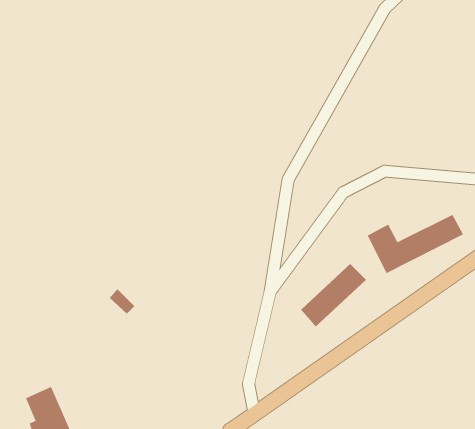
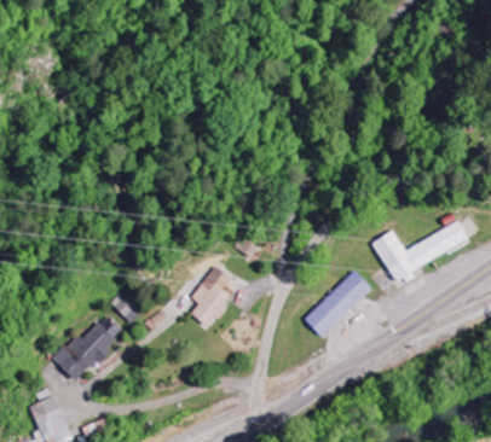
building: none -> [190,264,242,325]
building: none -> [51,316,121,383]

